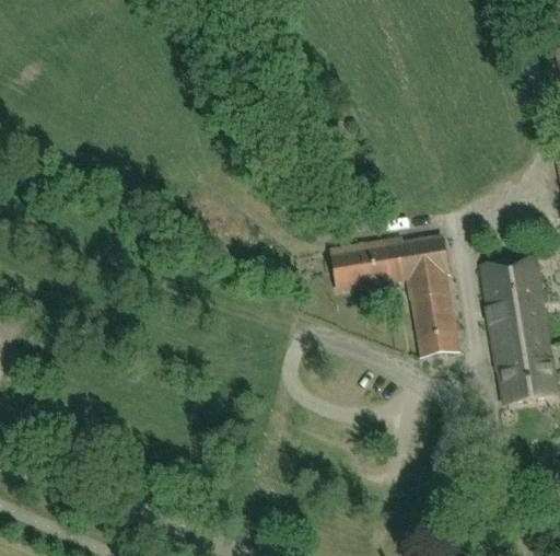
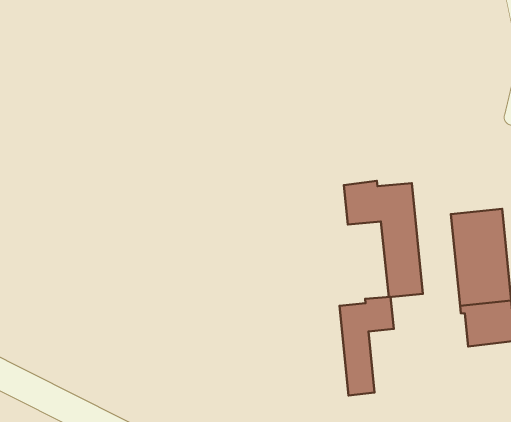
building: [334,243,376,289] -> none
building: none -> [339,297,394,395]

